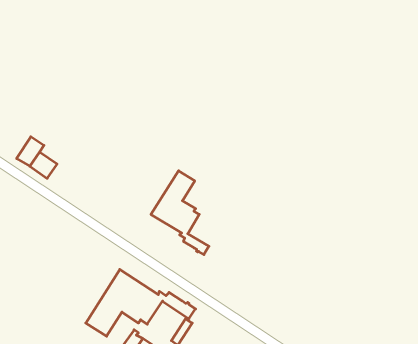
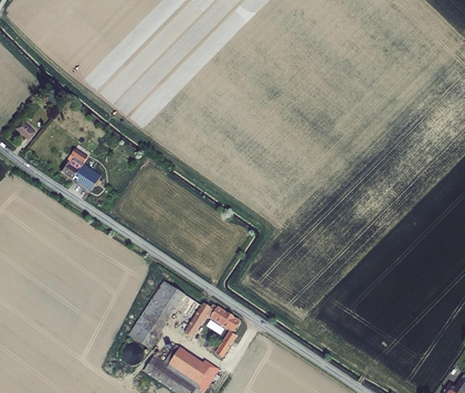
building: [151,171,209,255] -> none

